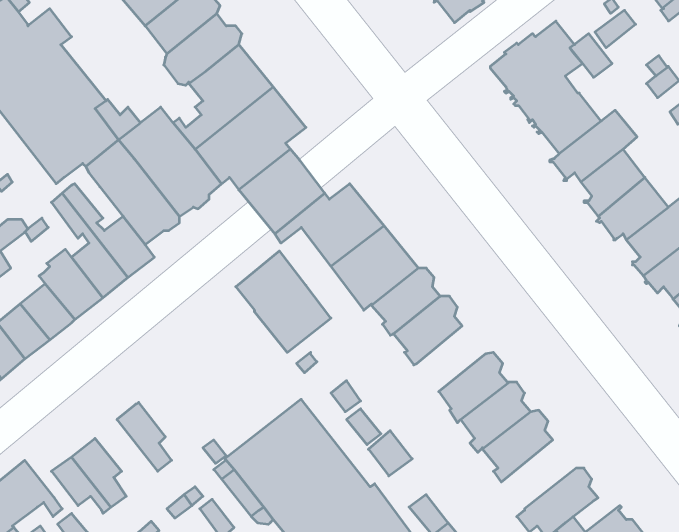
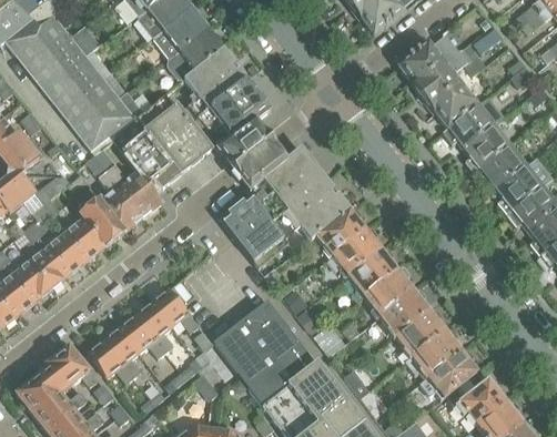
building: none -> [347,248,396,297]
building: none -> [150,289,198,333]
building: none -> [119,316,163,357]
building: none -> [404,329,460,380]

